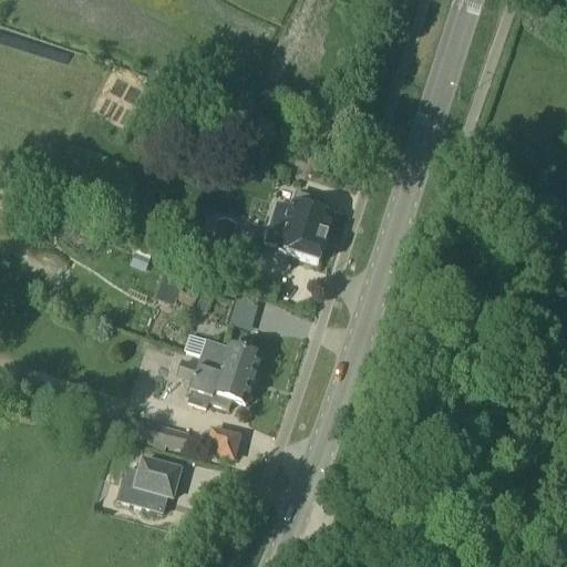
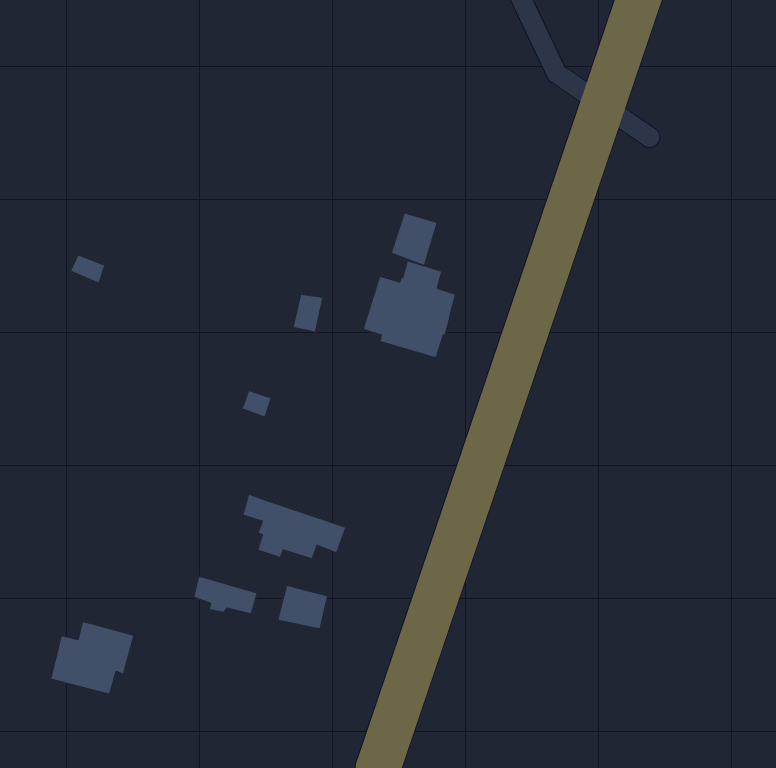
building: none -> [391,212,437,266]
building: [198,338,262,383] -> none
building: [120,456,181,509] -> [50,621,134,694]

